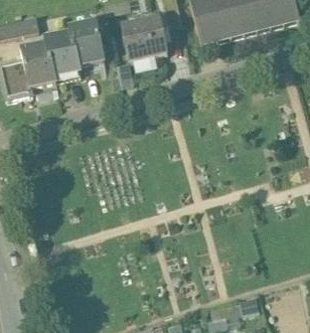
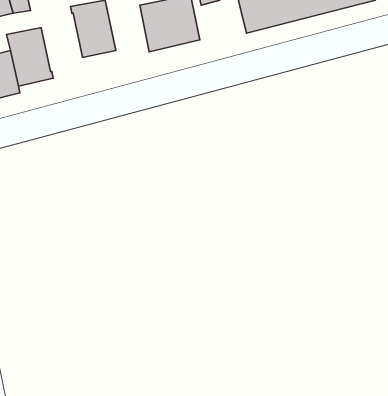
building: [44,31,80,75] -> none

